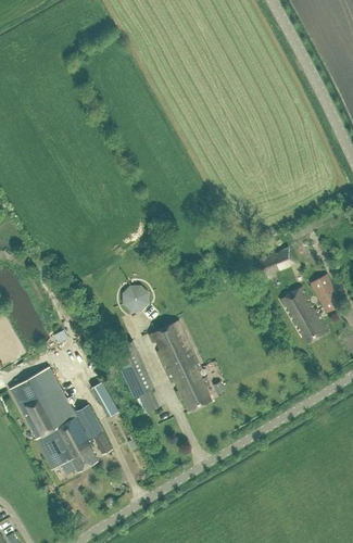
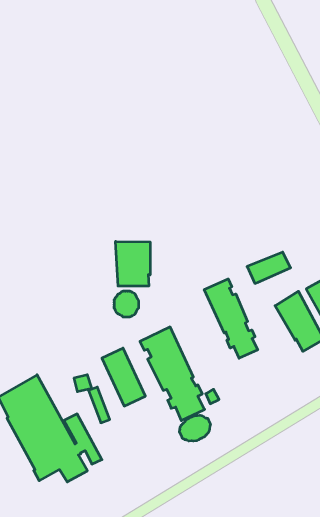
building: none -> [116,241,150,286]
building: none -> [204,279,258,358]
building: none -> [179,415,210,441]

